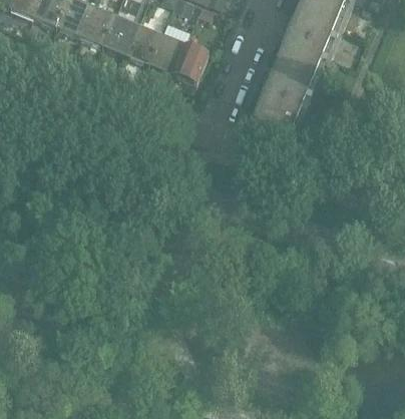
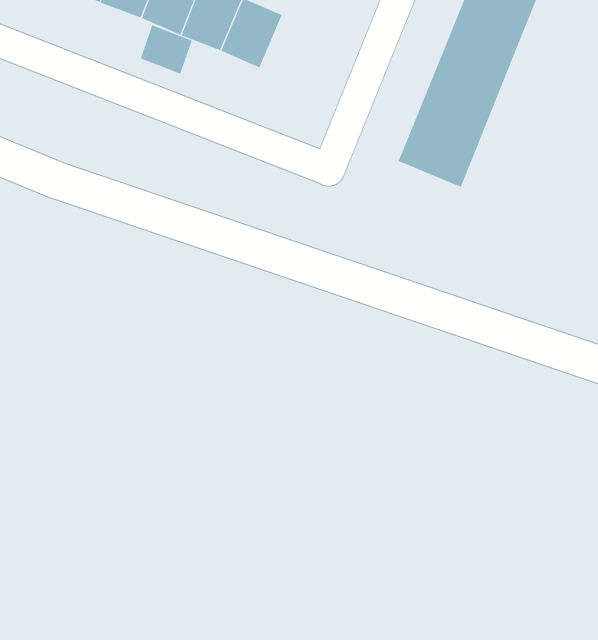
building: [168,40,206,80] -> none
building: none -> [140,24,192,74]

